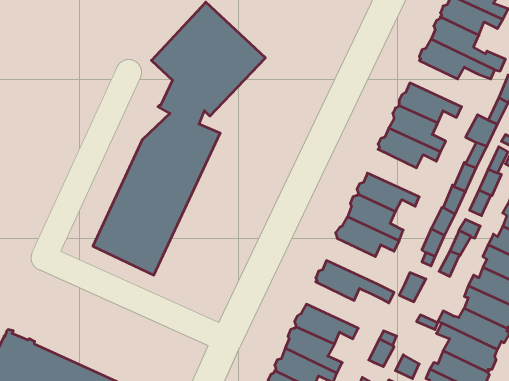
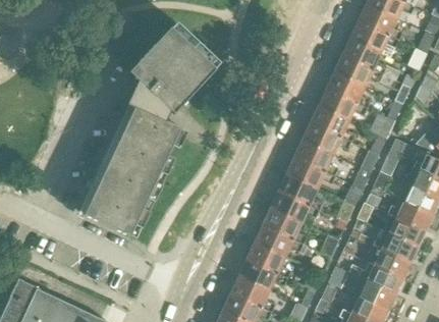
building: none -> [327,71,370,107]
building: none -> [294,140,338,176]
building: none -> [263,208,307,244]
building: none -> [248,242,290,277]

